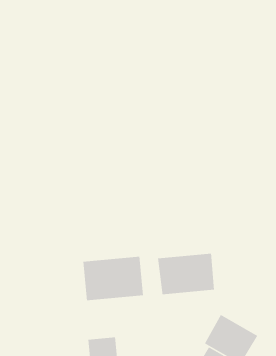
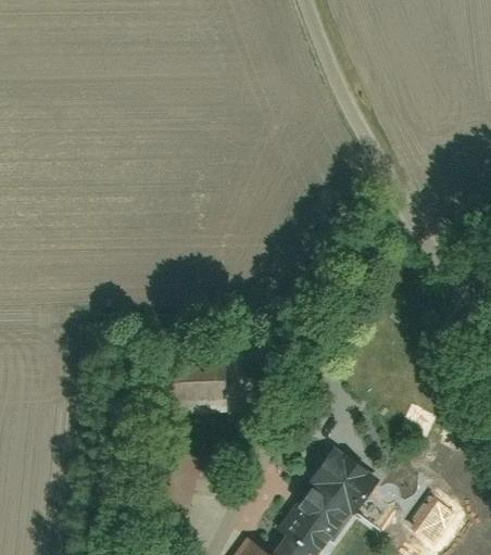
building: [158,253,215,295] -> none

